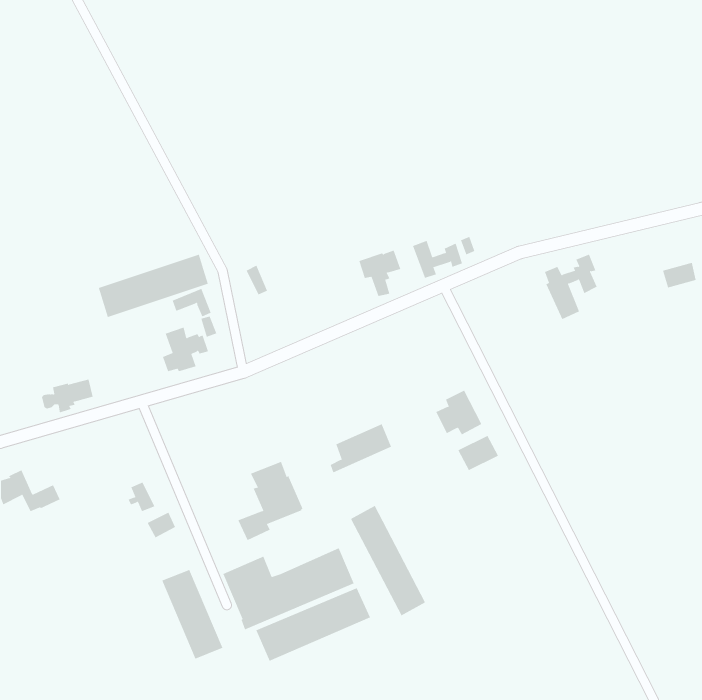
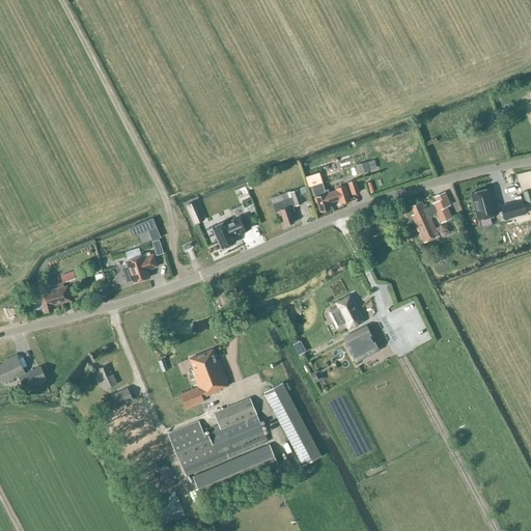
building: none -> [471,188,498,218]
building: [98,254,209,318] -> none
building: none -> [212,216,251,249]
building: [330,424,392,473] -> [209,396,256,434]
building: [161,569,223,659] -> none

